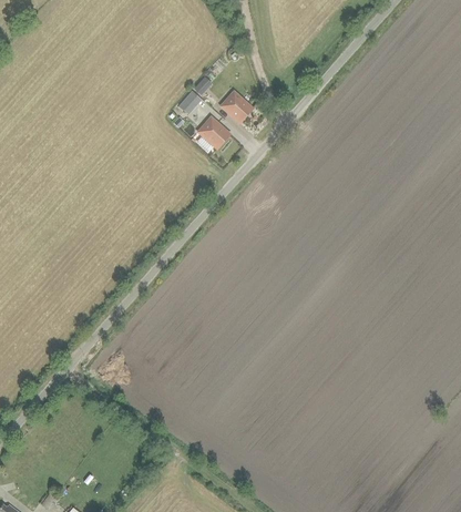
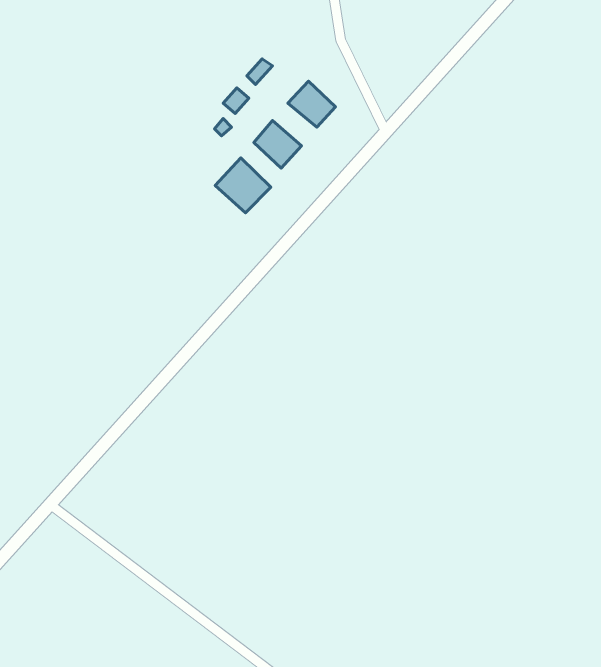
building: none -> [215,158,271,213]

